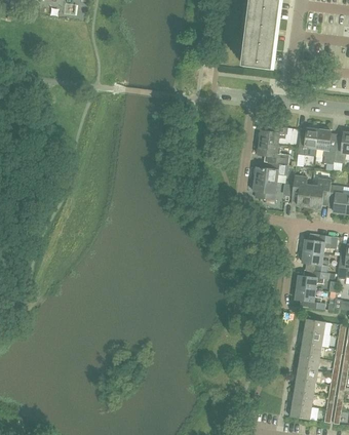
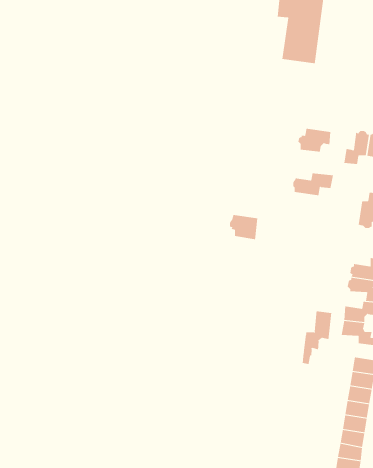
building: [255,143,288,164] -> none
building: [290,175,311,207] -> none
building: [250,179,275,200] -> [229,214,258,240]
building: none -> [302,310,332,365]

